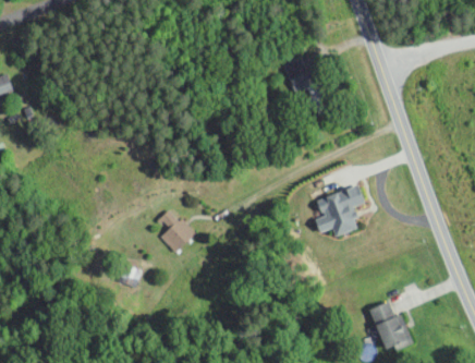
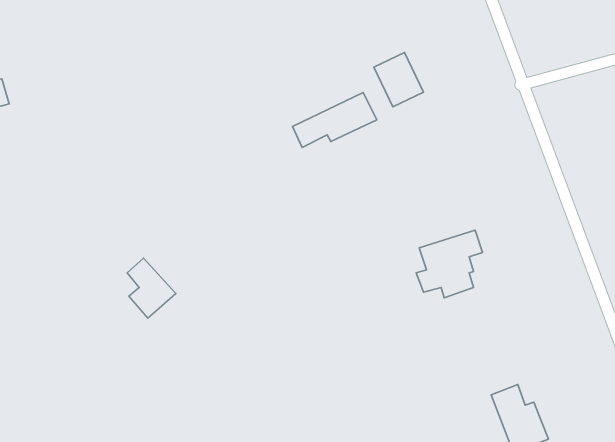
building: none -> [292,93,377,147]
building: [158,208,194,253] -> [127,258,176,318]

